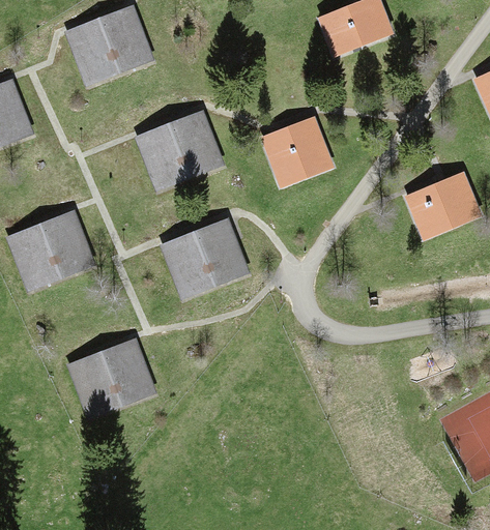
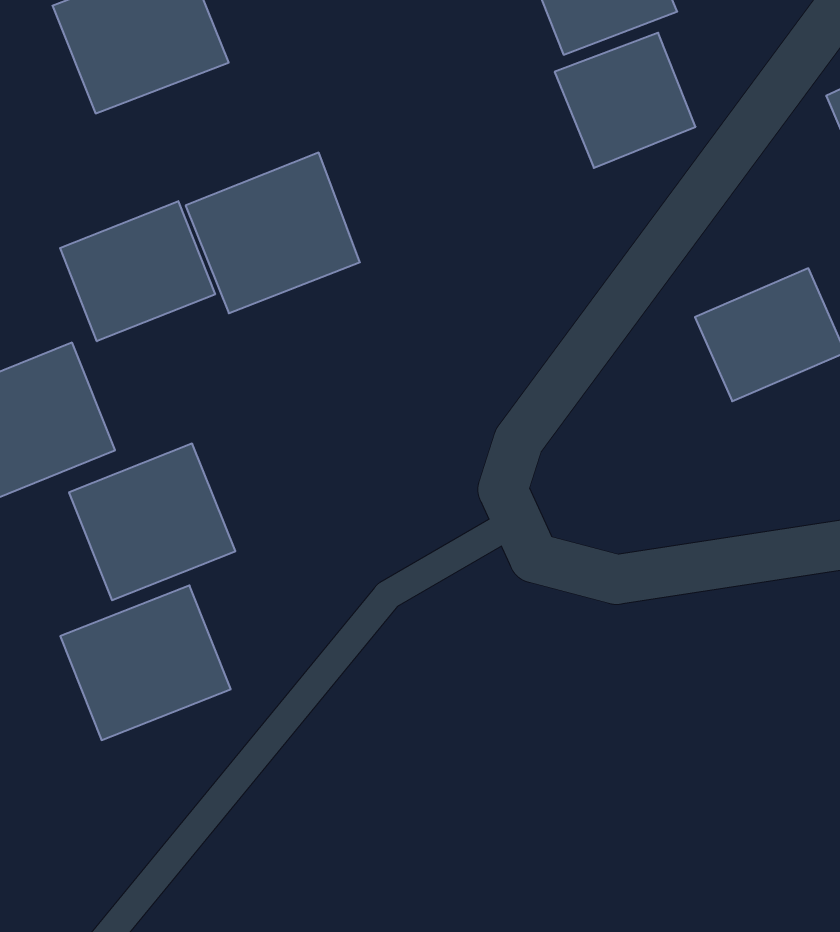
building: [260,116,335,187] -> [555,33,696,168]
building: none -> [60,201,215,341]
building: [163,217,251,300] -> [69,444,235,600]

